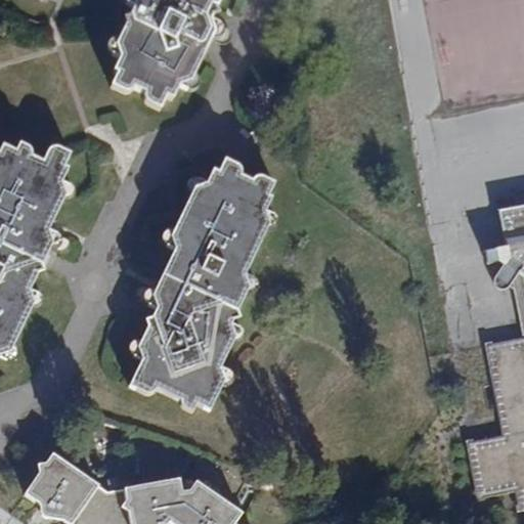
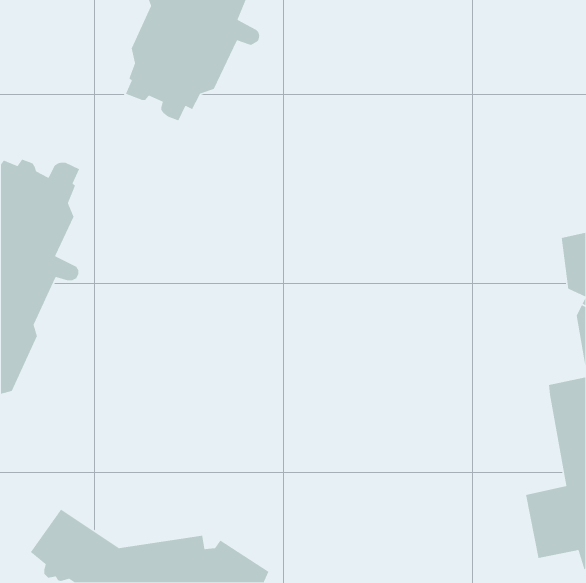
building: [130,158,275,413] -> none

